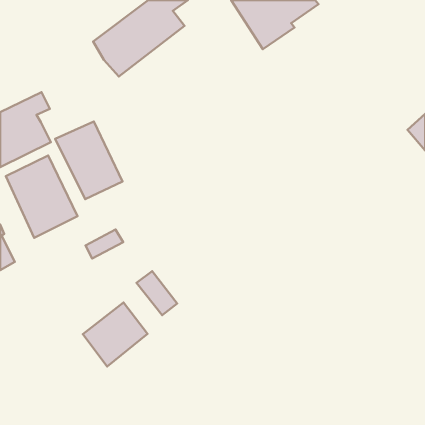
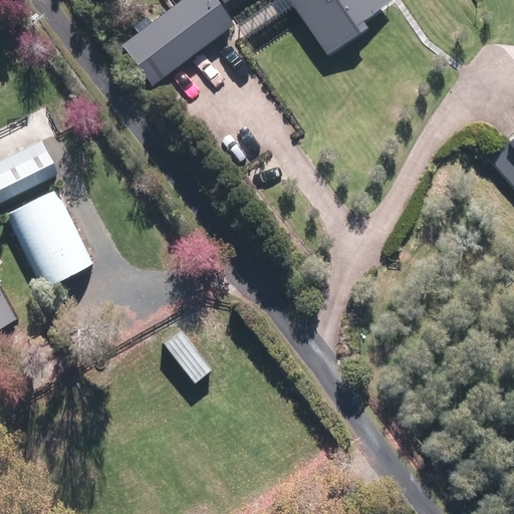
building: [55,121,123,199] -> none
building: [83,302,148,366] -> none

